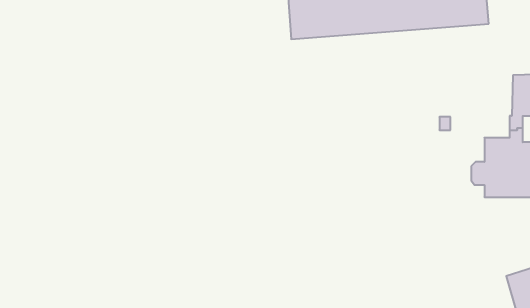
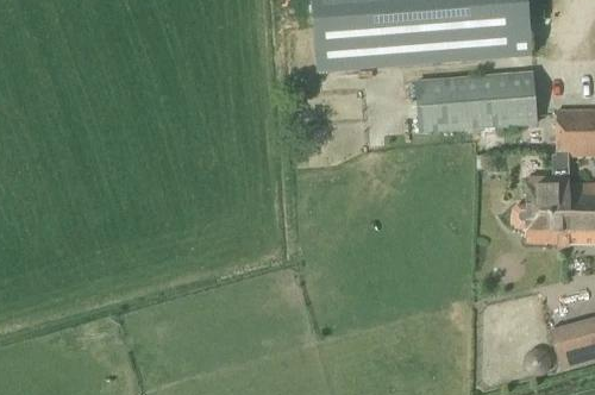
building: none -> [415,71,539,132]

